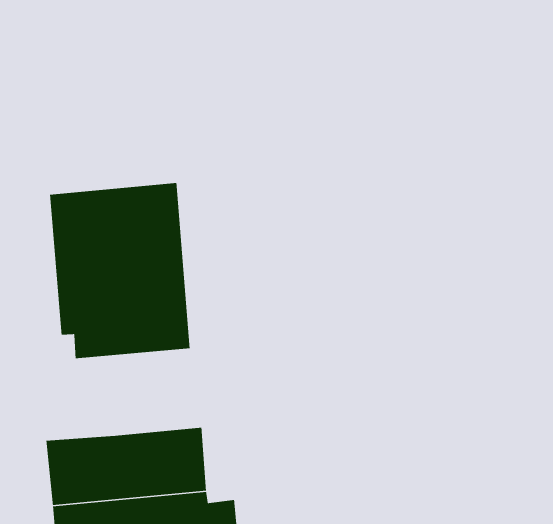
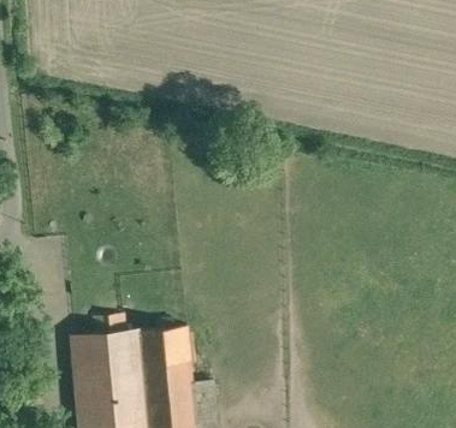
building: [49,182,191,359] -> none

